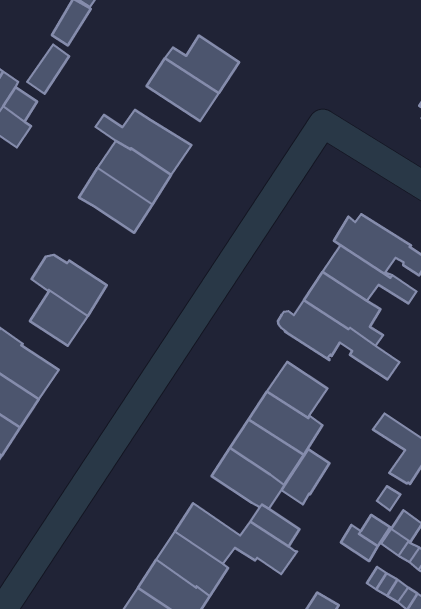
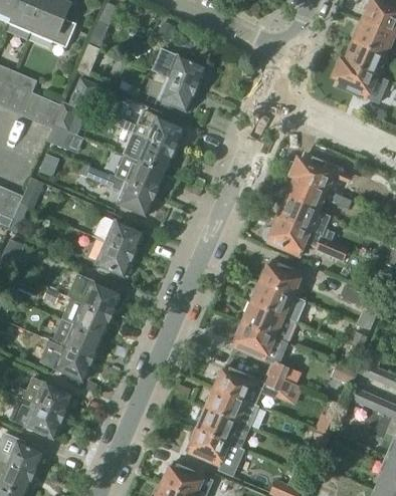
building: none -> [83,164,156,215]
building: [282,449,329,504] -> none

